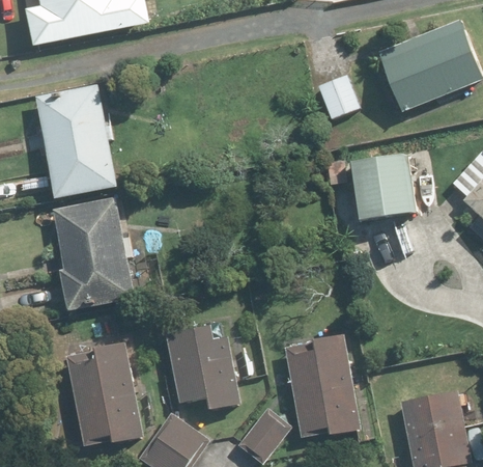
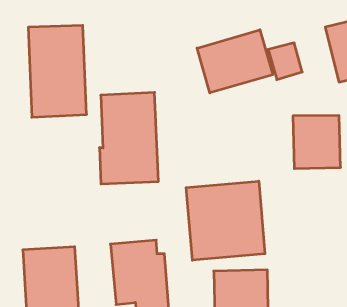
building: none -> [197,30,273,93]
building: [54,196,133,309] -> [99,92,158,184]
building: none -> [186,181,265,260]

